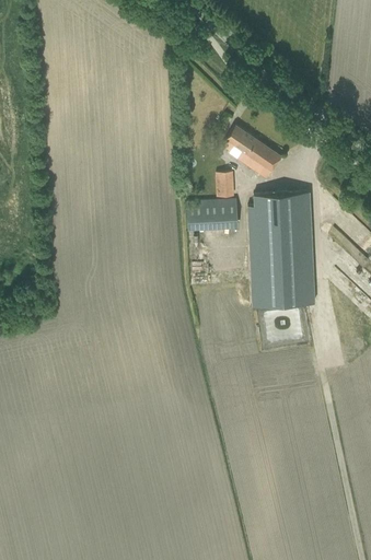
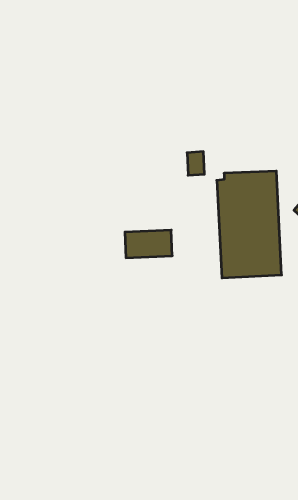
building: [222,126,281,179] -> none
building: [187,200,237,230] -> [125,230,172,258]

